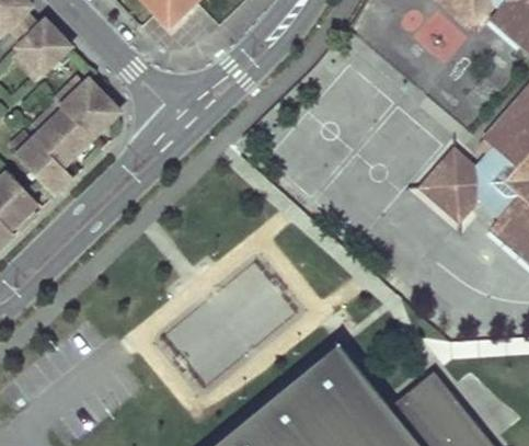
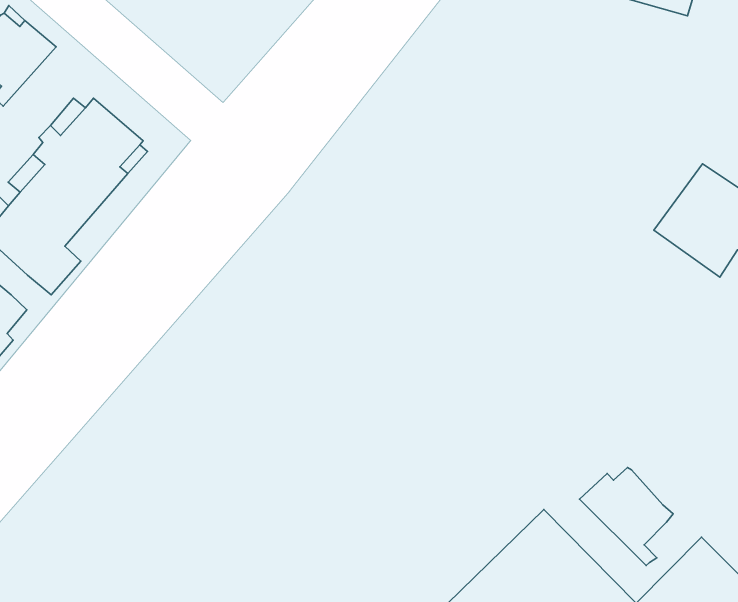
building: [164,276,281,379] -> none
building: none -> [580,467,673,566]

